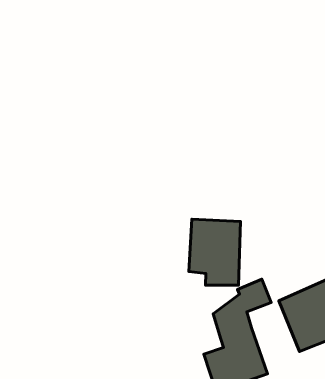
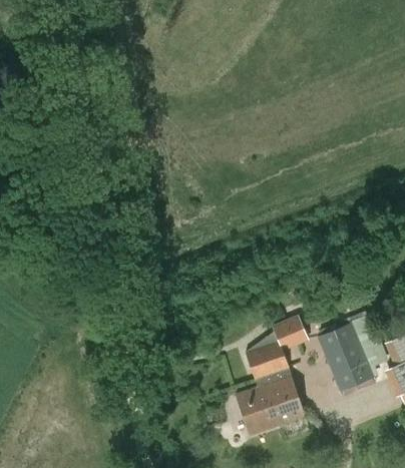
building: [189,219,240,285] -> none

